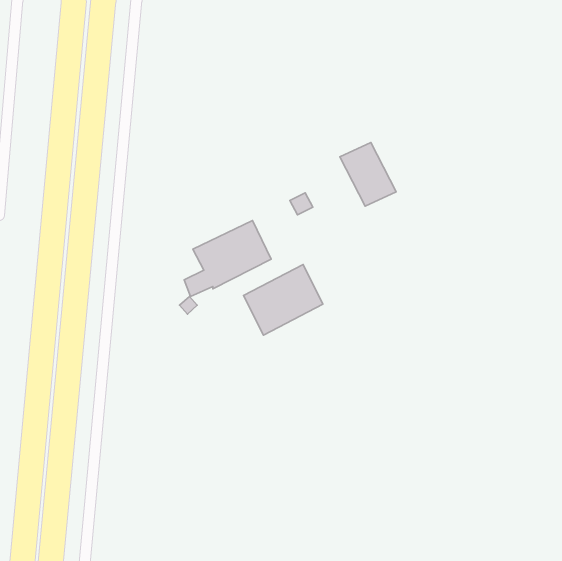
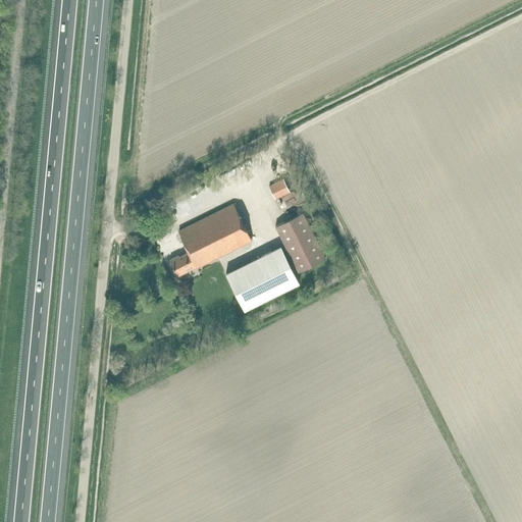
building: [340,142,396,206] -> [274,214,326,273]

